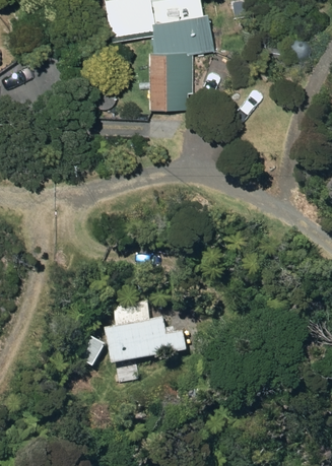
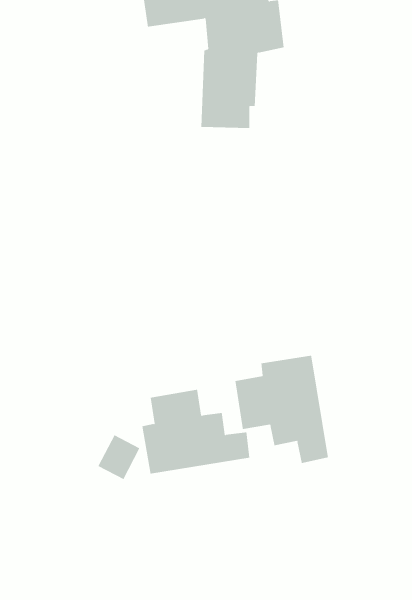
building: none -> [235,355,329,464]

